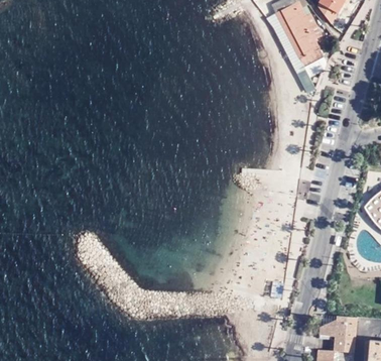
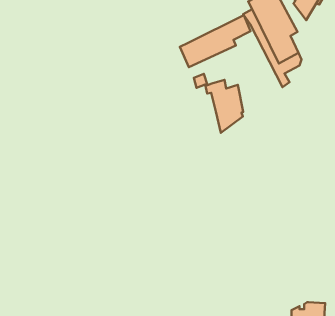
building: none -> [180,15,251,67]
building: none -> [194,74,243,133]

